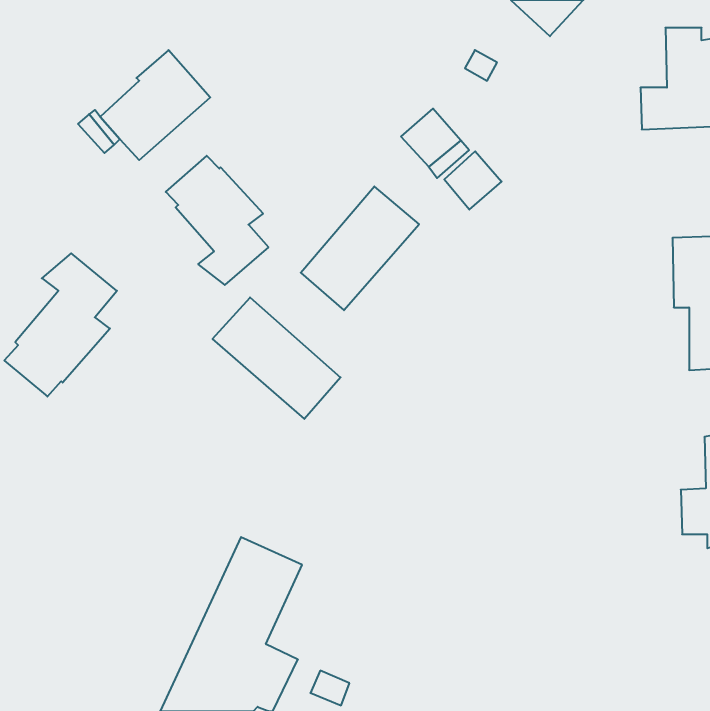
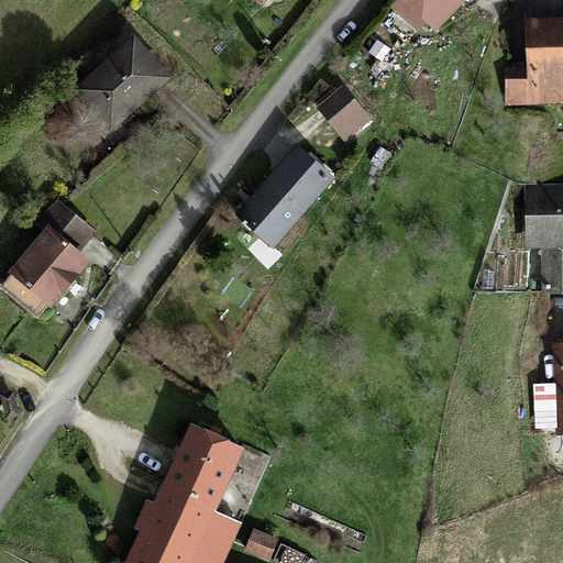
building: [444,151,502,210] -> none
building: [166,156,268,285] -> none
building: [213,297,341,419] -> none

